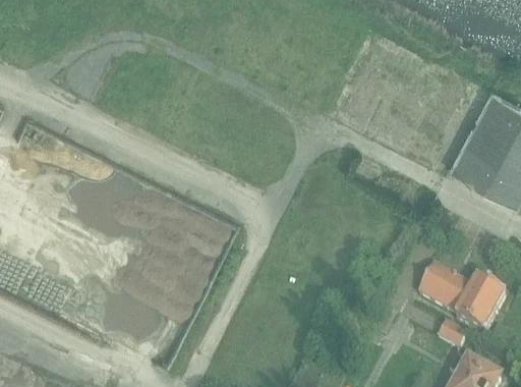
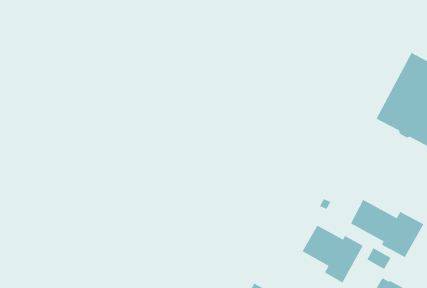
building: none -> [302,225,363,284]

